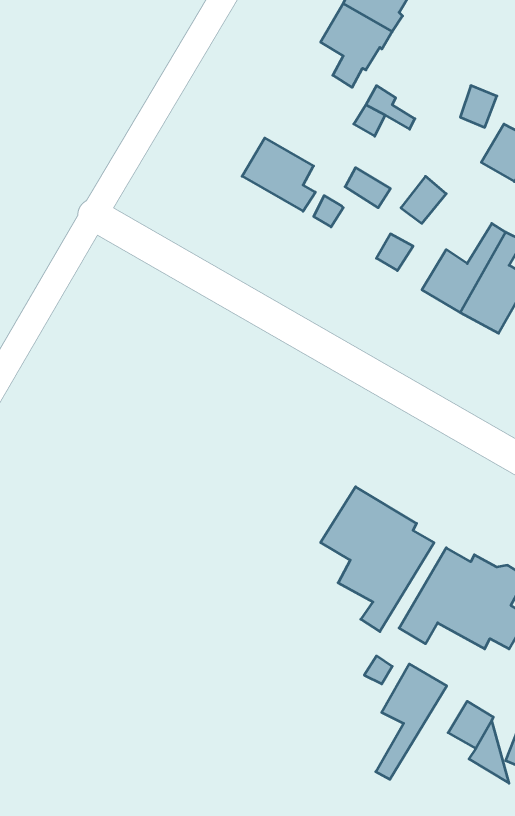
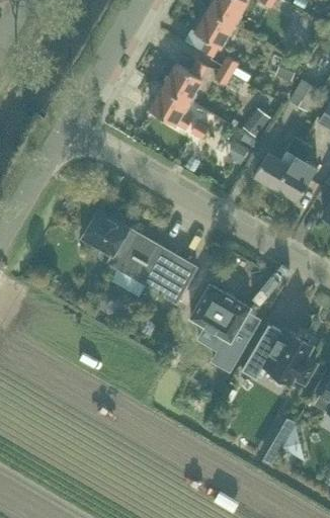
building: none -> [163,61,208,103]
building: none -> [82,209,196,304]
building: [376,664,447,779] -> none

